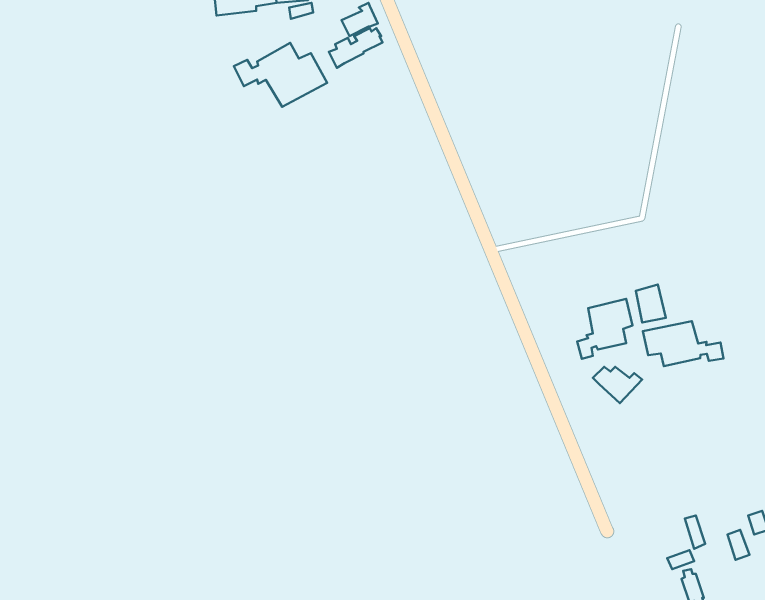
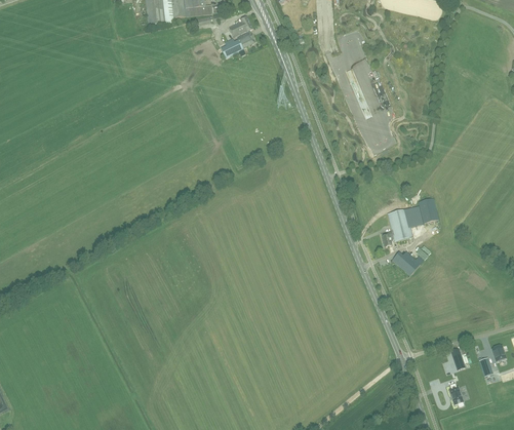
building: [234,43,327,107] -> none
building: [643,321,723,366] -> none

